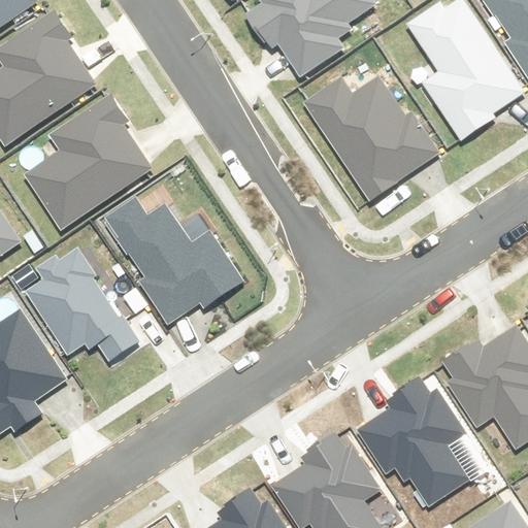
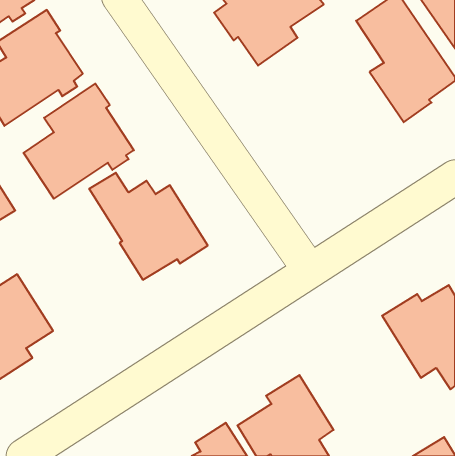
building: [305,78,441,203] -> none
building: [26,249,135,358] -> none
building: [362,374,470,507] -> none

